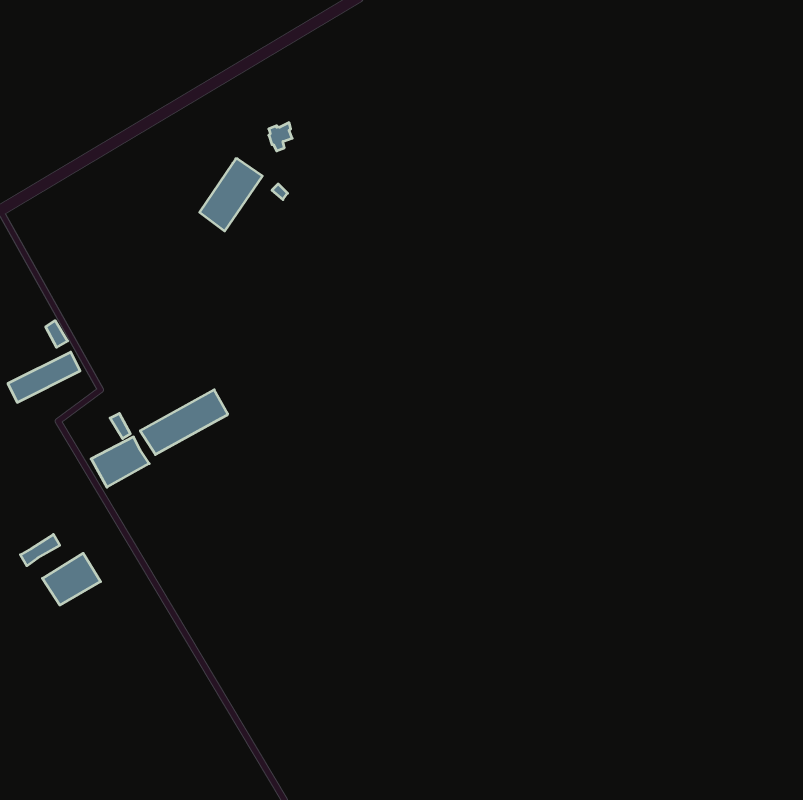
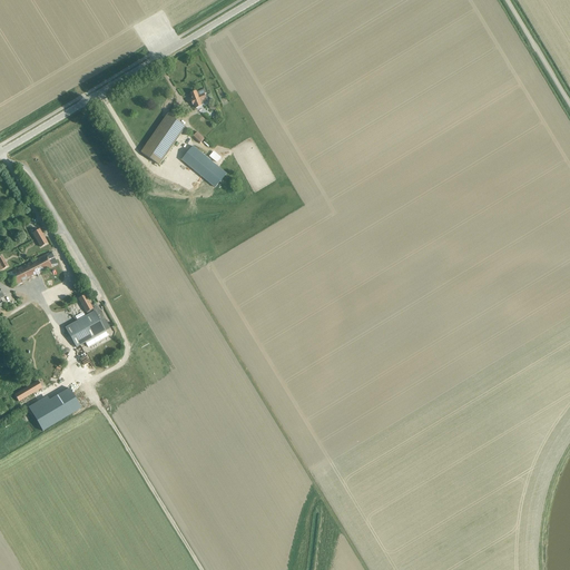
building: none -> [183,144,227,185]
building: [140,390,228,455] -> none

